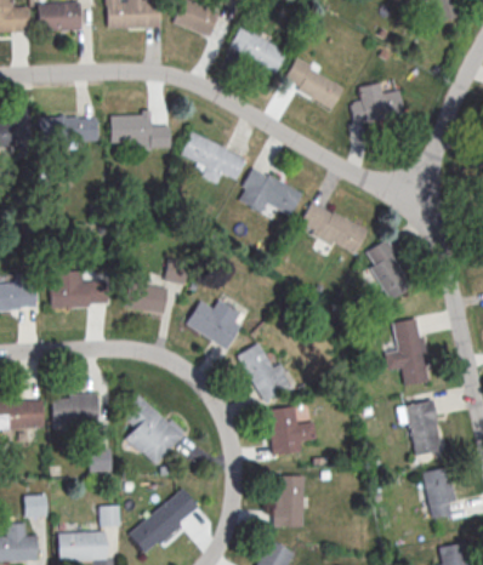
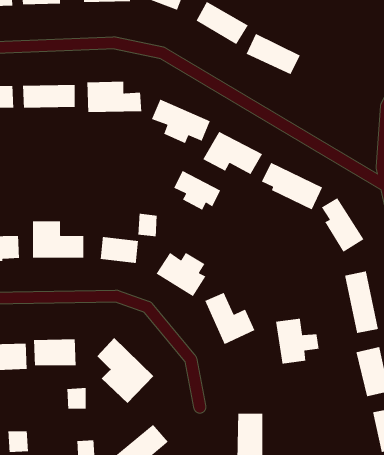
building: [351,82,405,124] -> none
building: none -> [173,170,221,211]
building: [267,405,316,456] -> [275,318,319,365]

